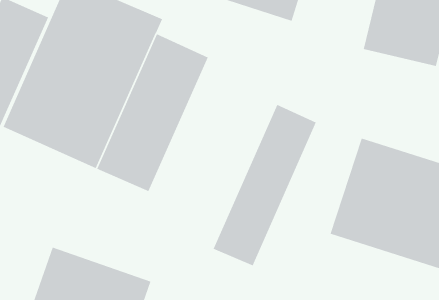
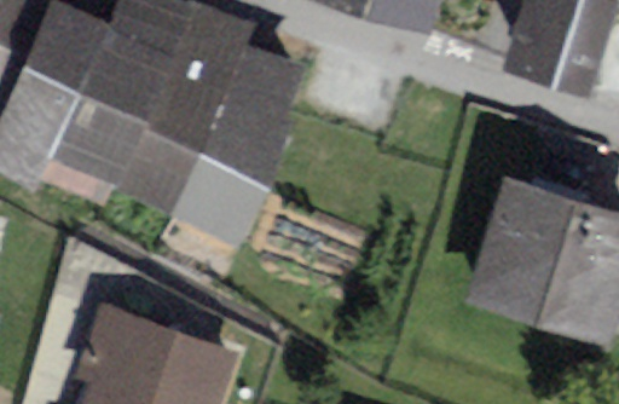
building: [212,104,317,267] -> none

